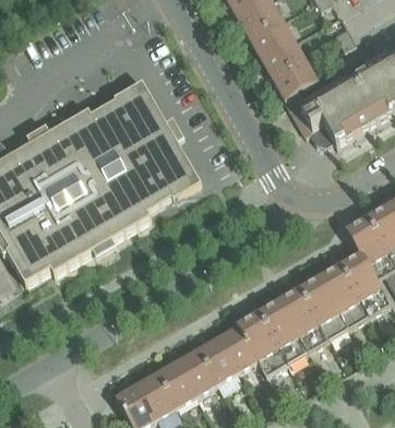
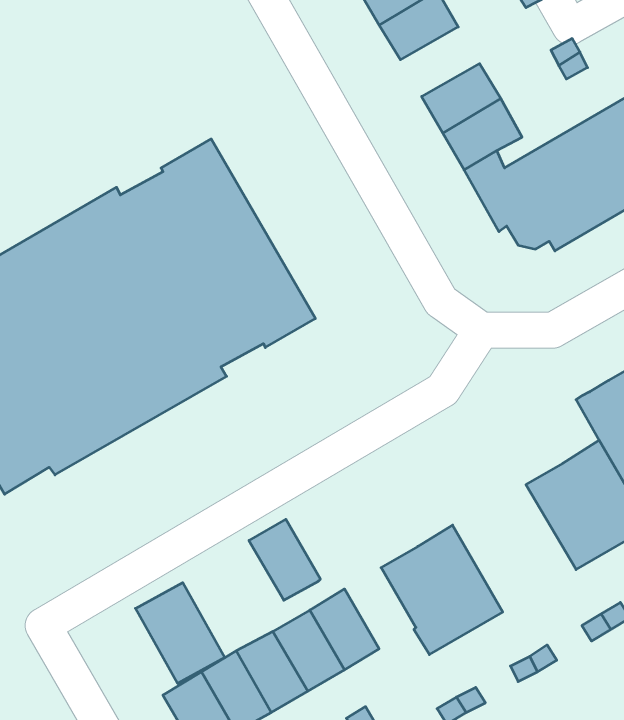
building: [249,19,294,58] -> none
building: [278,277,348,349] -> none
building: [217,324,258,370] -> [249,519,320,600]
building: none -> [135,583,225,683]

